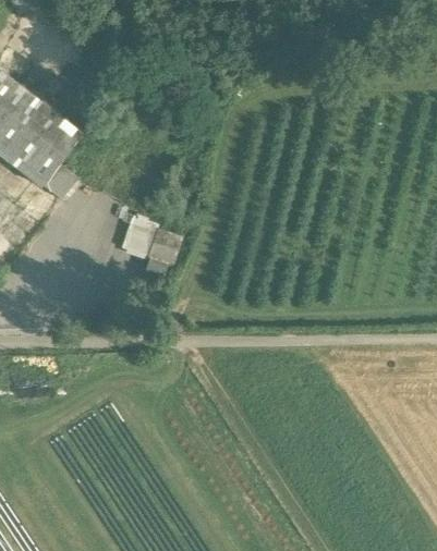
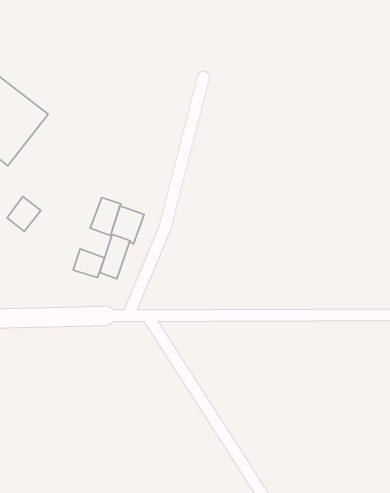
building: [41,162,76,198] -> [7,197,41,232]
building: none -> [73,249,105,278]

